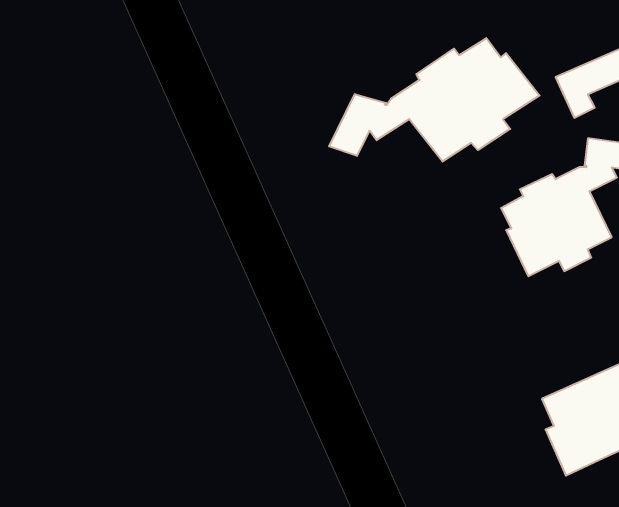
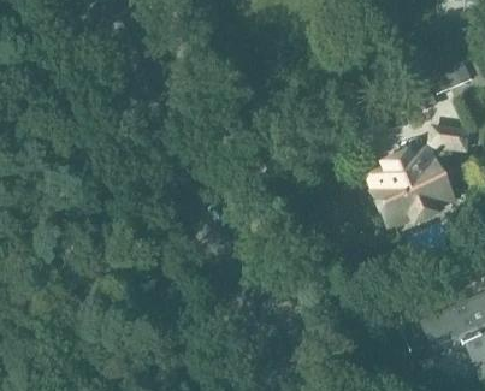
building: [329,38,540,162] -> none

